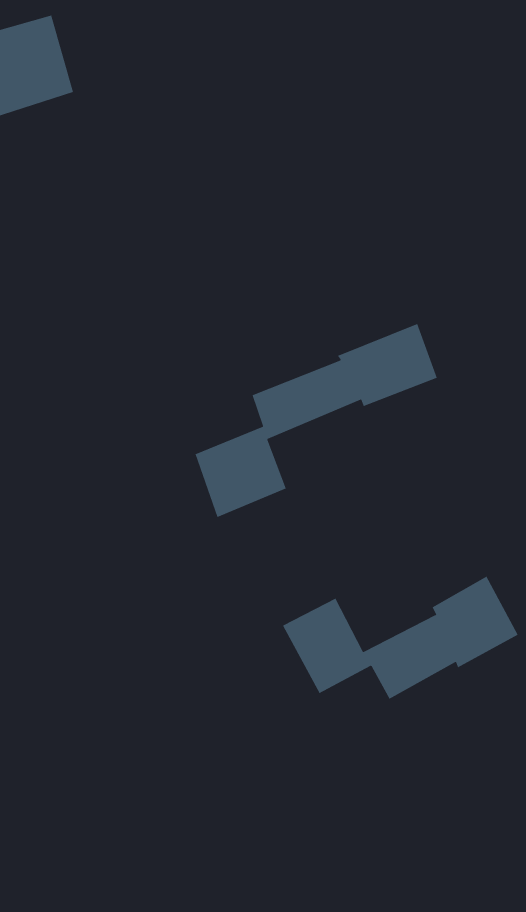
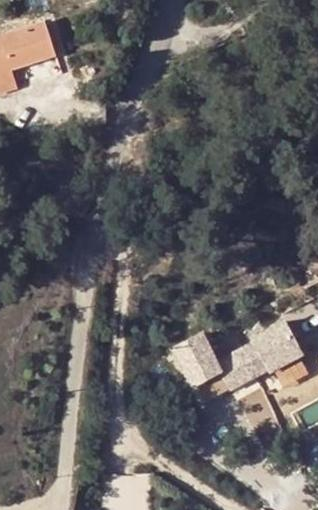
building: [195,323,437,518] -> none

